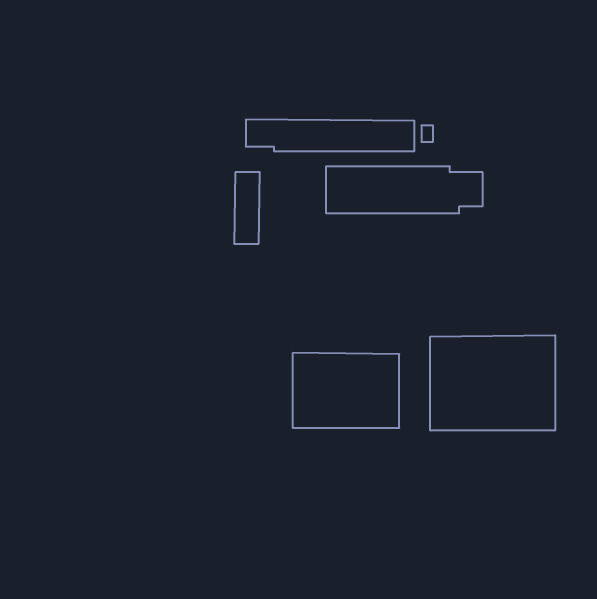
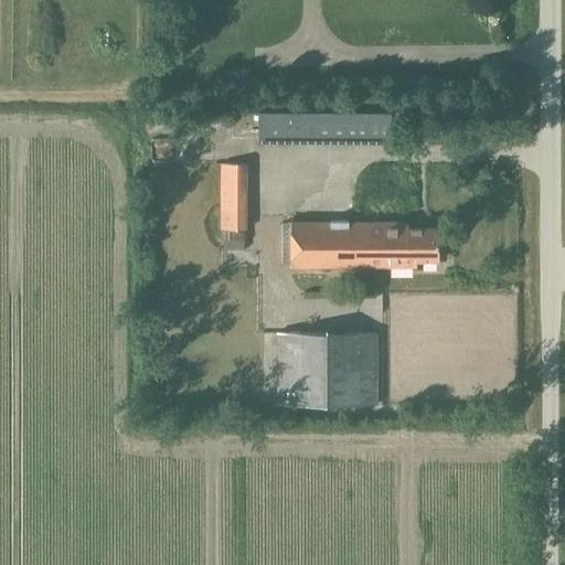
building: [326,166,483,213] -> [291,223,439,267]
building: [430,335,555,431] -> none

